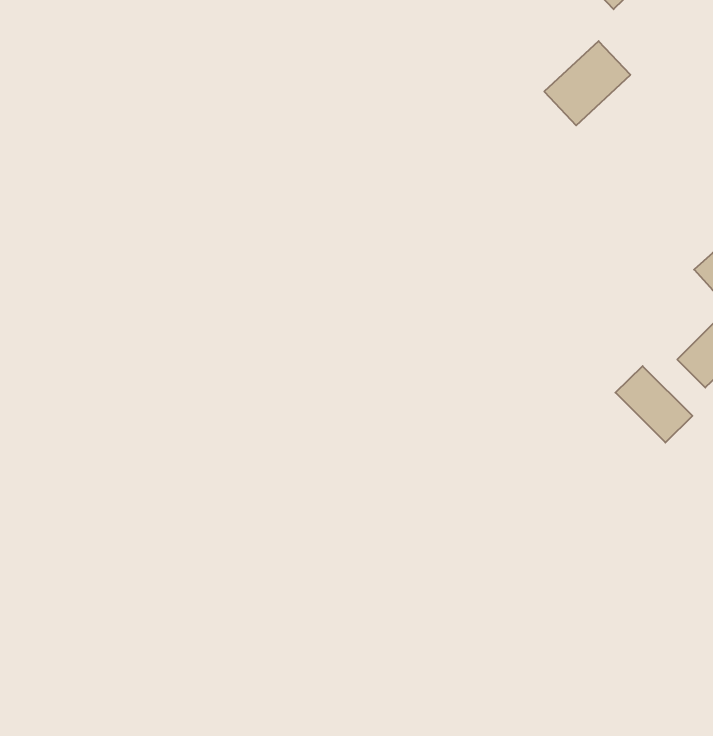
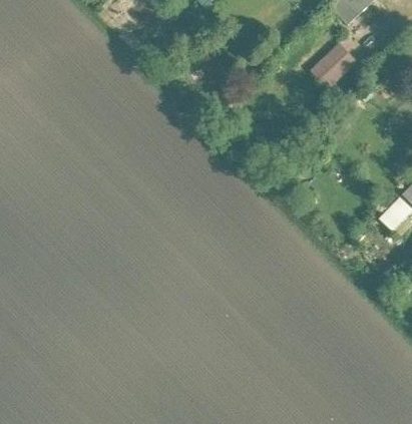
building: [615,366,692,443] -> none

